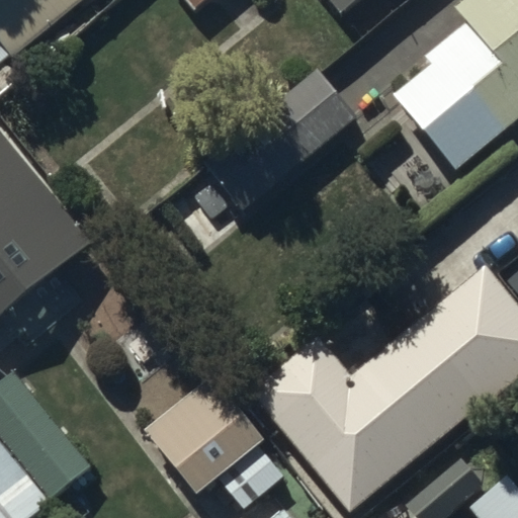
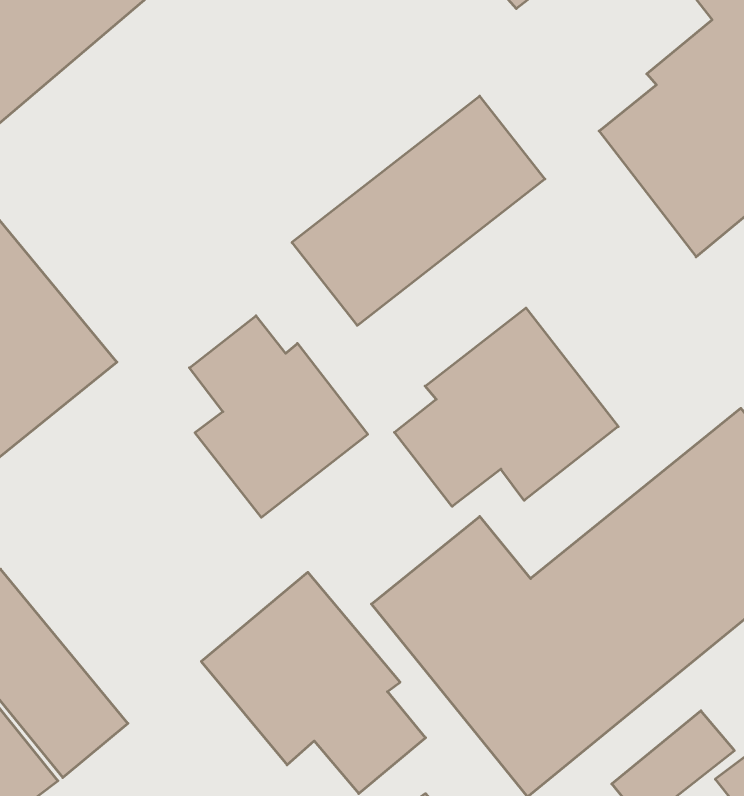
building: none -> [394,308,618,506]
building: none -> [189,316,368,517]

